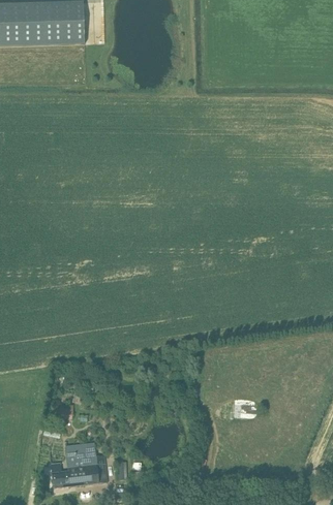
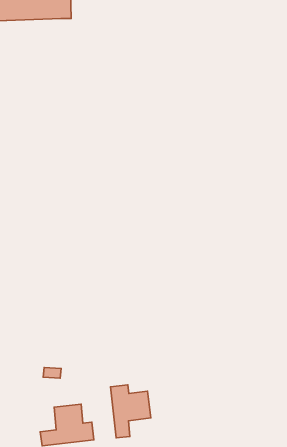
building: none -> [110,385,151,438]

